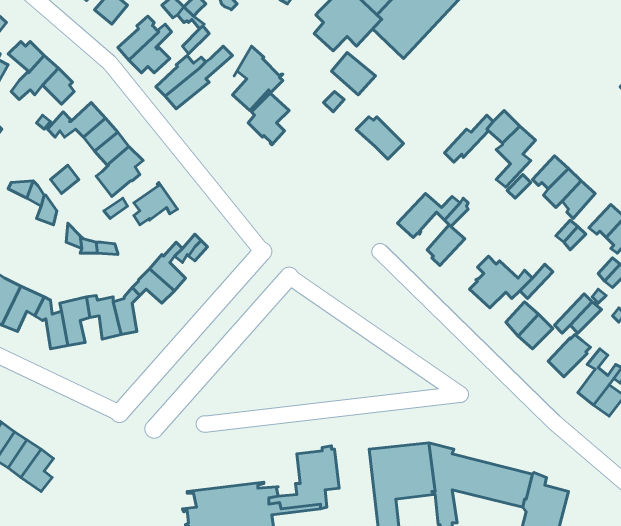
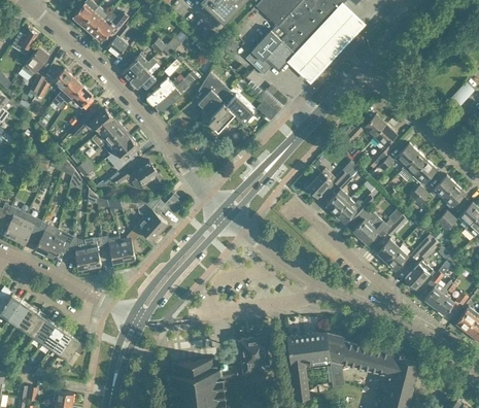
building: [356,117,403,159] -> [221,95,252,123]
building: none -> [333,197,373,224]

